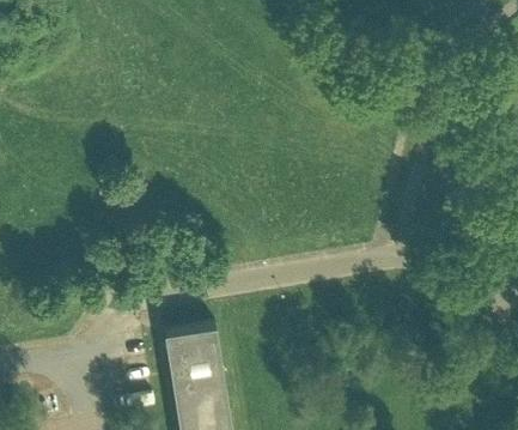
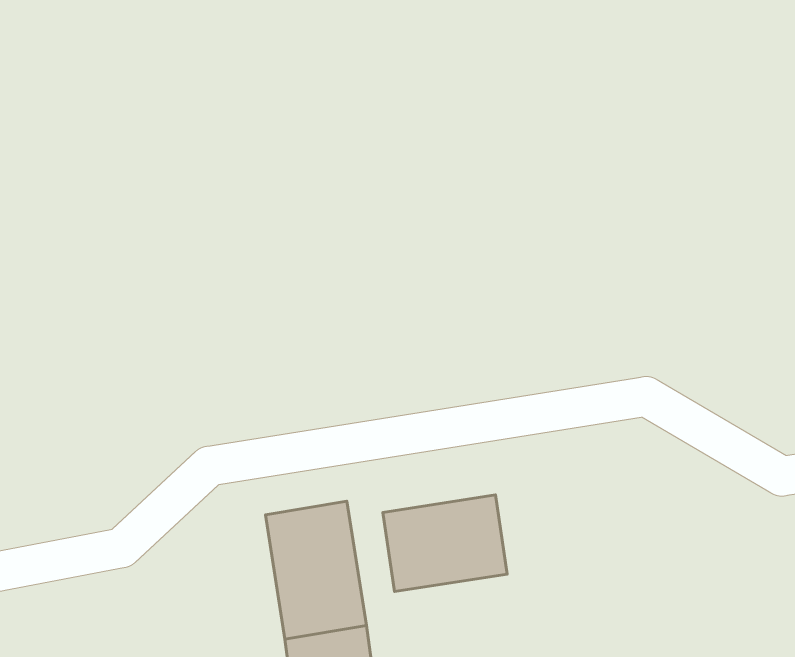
building: none -> [383,495,507,592]

